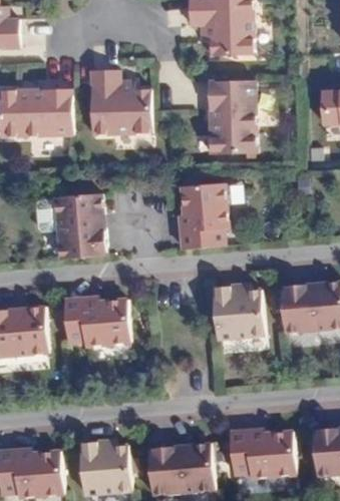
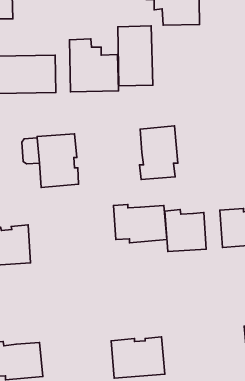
building: [215,81,258,155] -> [118,26,153,86]
building: [63,297,129,344] -> [113,205,167,243]
building: [228,430,293,477] -> none
building: [77,440,128,492] -> none

